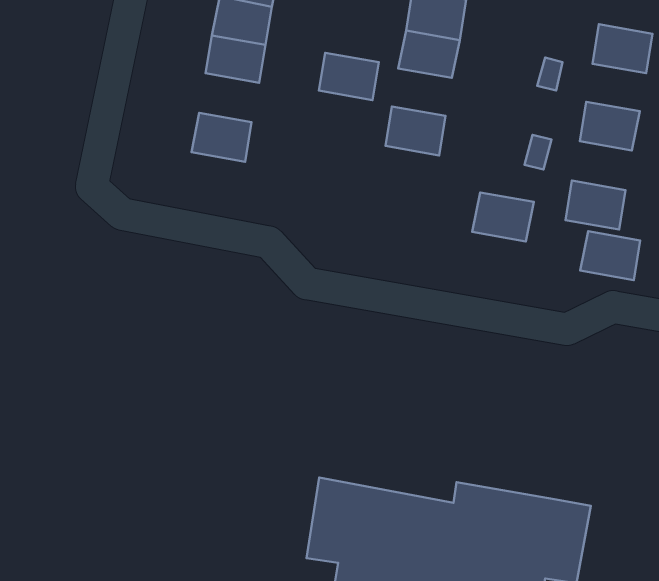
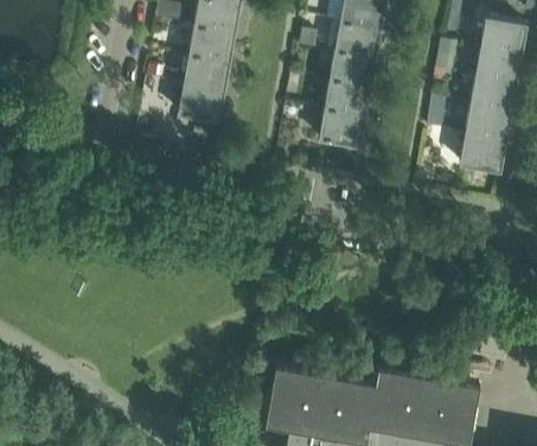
building: [319,53,379,100] -> [328,53,373,89]
building: none -> [474,50,519,85]
building: none -> [184,57,229,94]
building: [472,192,534,241] -> [318,112,364,148]
building: [580,231,640,280] -> [464,108,509,145]

